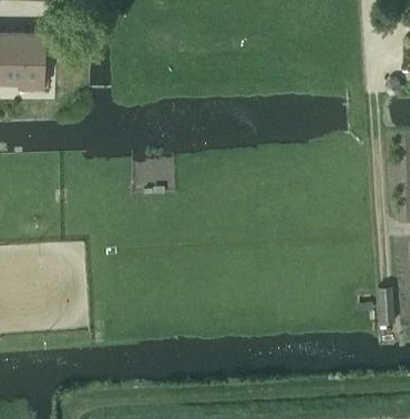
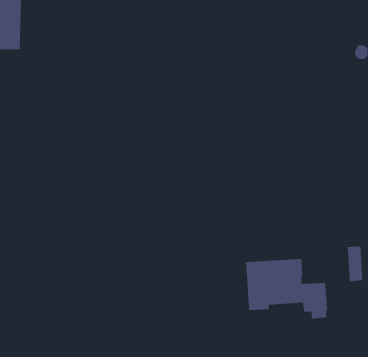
building: none -> [245,258,328,320]

